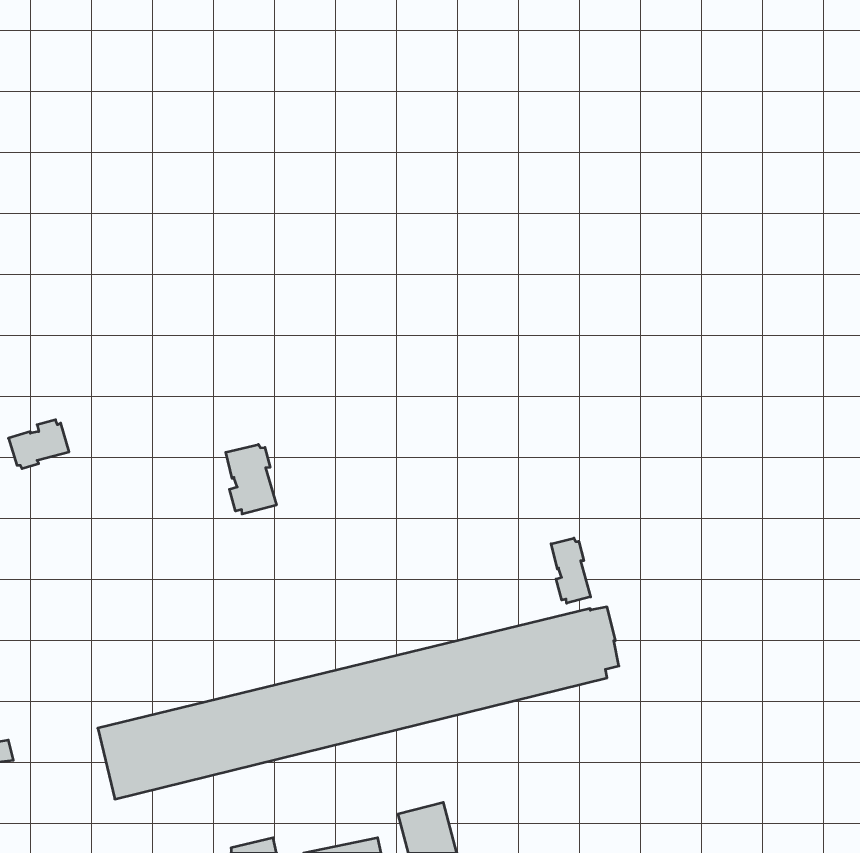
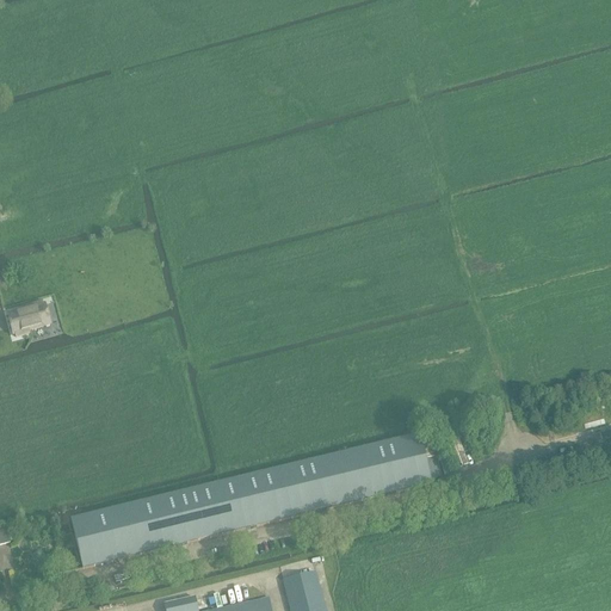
building: [226,444,276,514] -> none
building: [551,538,591,603] -> none

